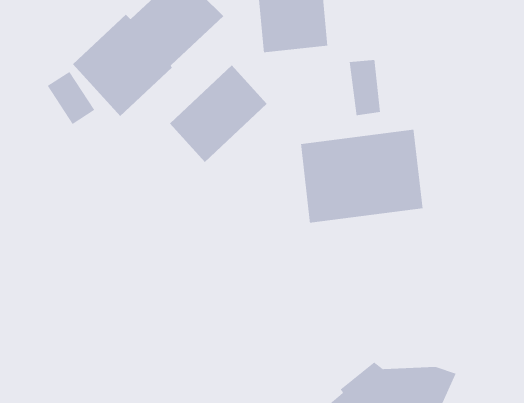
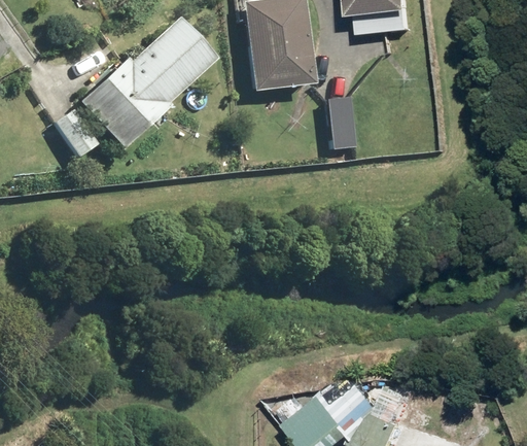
building: [169,65,268,163] -> none
building: [300,129,423,224] -> none

